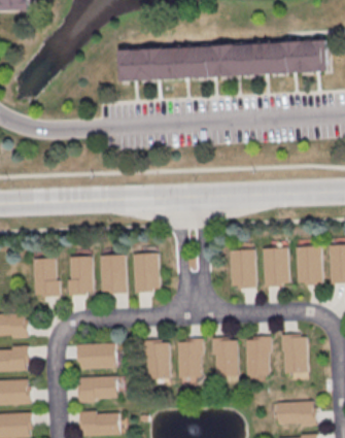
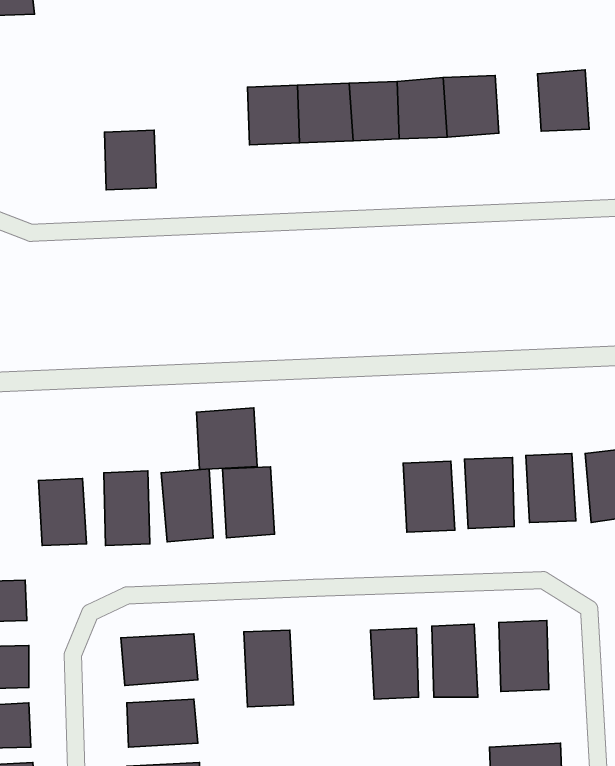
building: [279,41,304,73] -> none
building: [119,48,147,80] -> [104,130,156,190]
building: none -> [196,408,257,469]
building: [176,339,201,379] -> none

